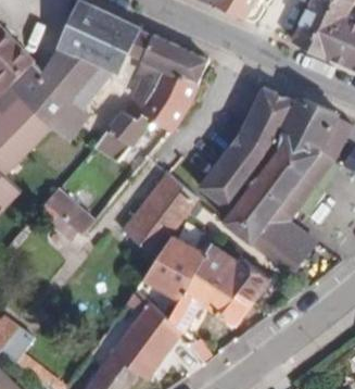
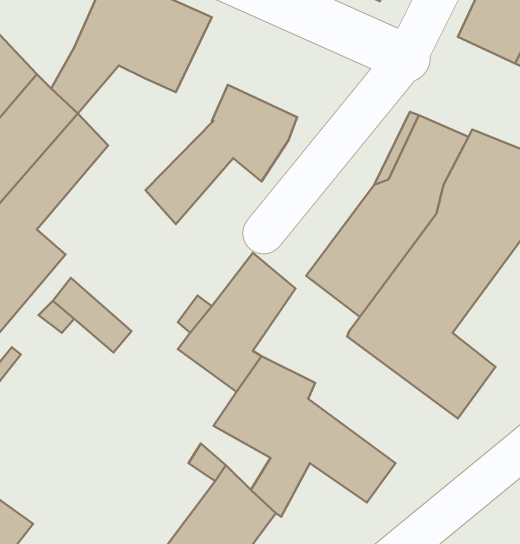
building: [139,34,207,90] -> none
building: [60,59,100,108] -> none
building: [200,242,269,301] -> none

